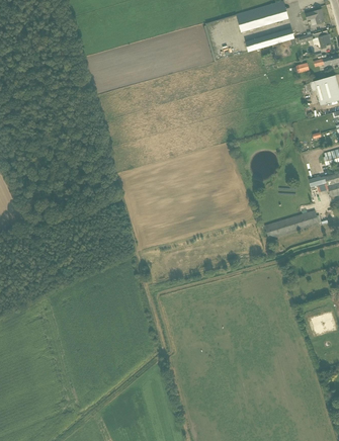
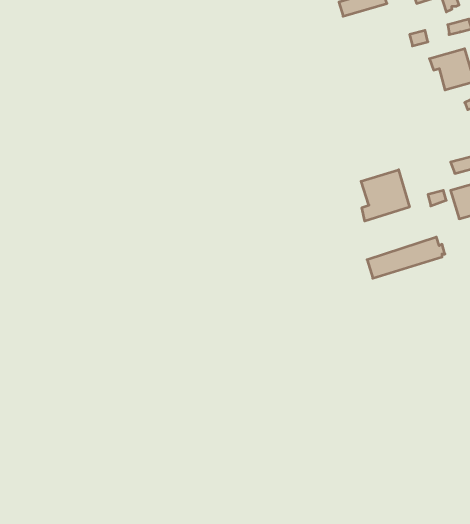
building: none -> [361,170,409,221]

